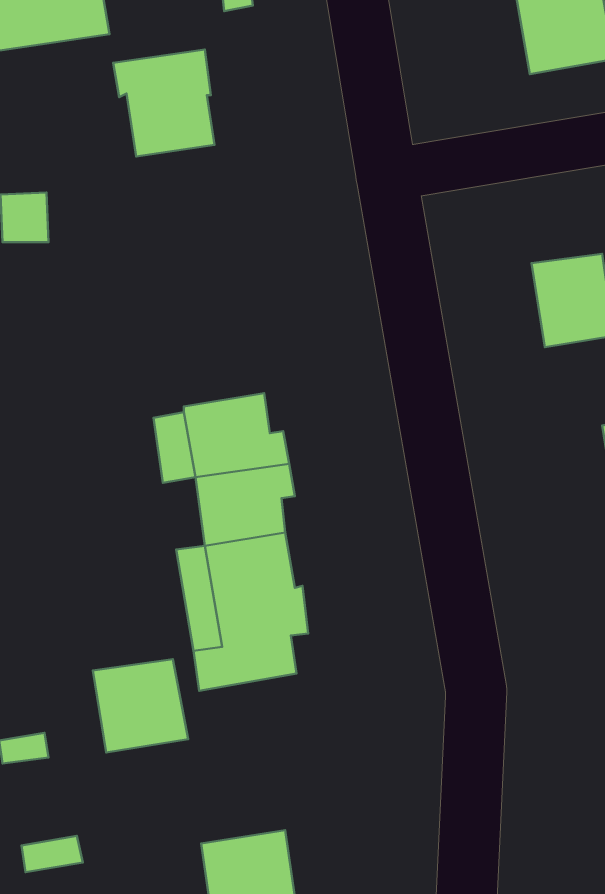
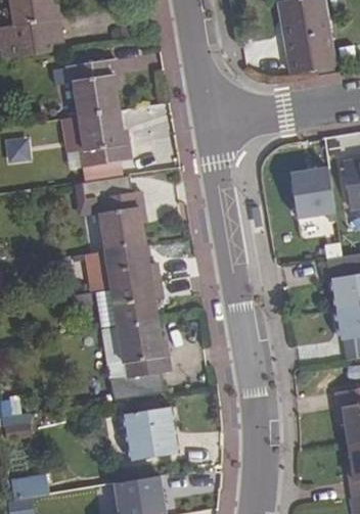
building: none -> [78,109,130,167]
building: none -> [80,174,146,249]
building: [93,659,188,753] -> [125,409,176,459]

